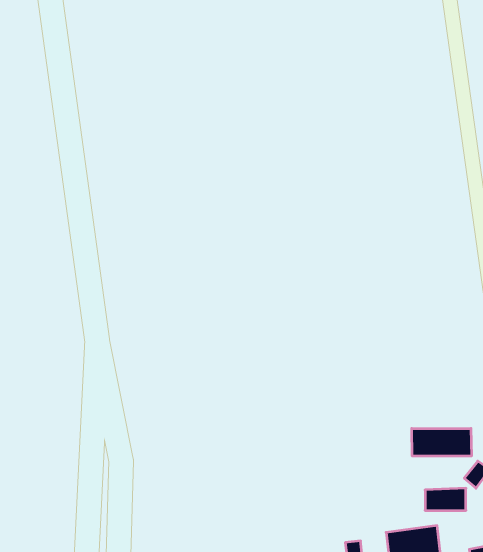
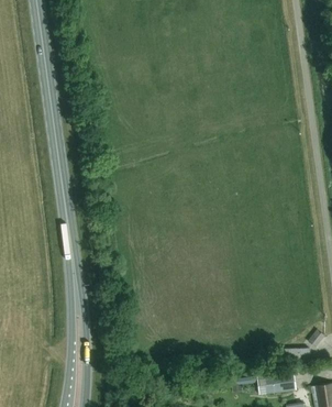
building: [412,428,471,456] -> none

